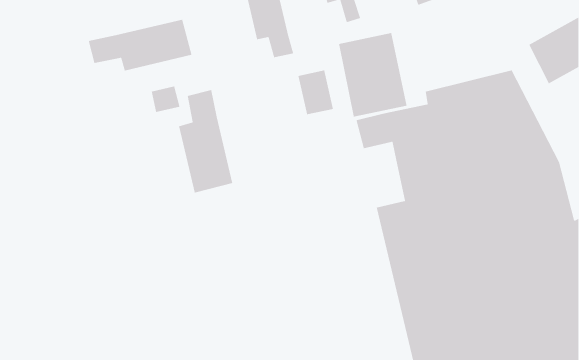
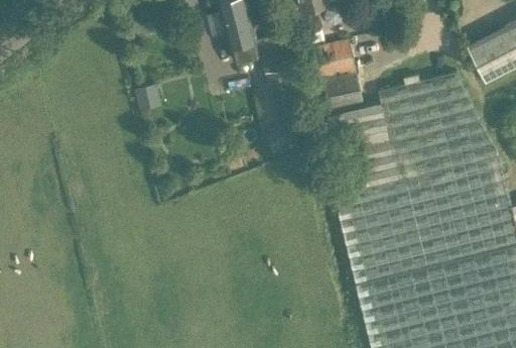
building: [88,19,192,72] -> none
building: [178,89,233,194] -> none

